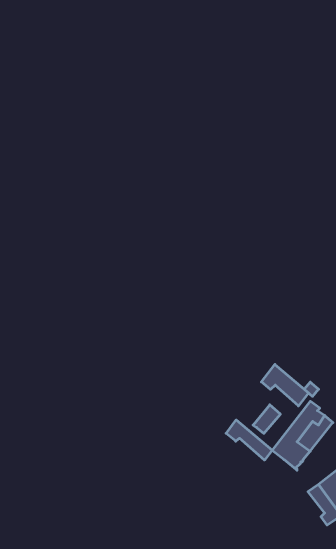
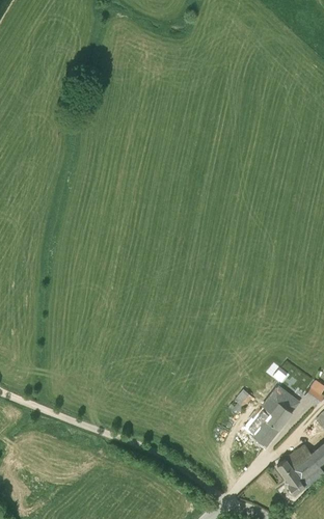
building: [261,364,308,406] -> none
building: [226,420,272,460] -> none

